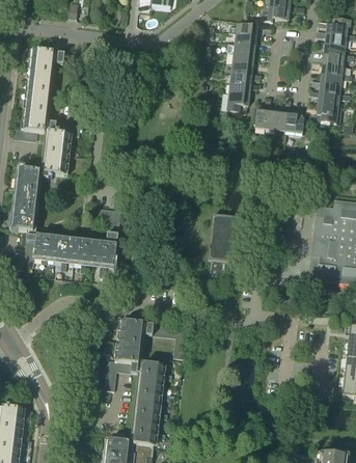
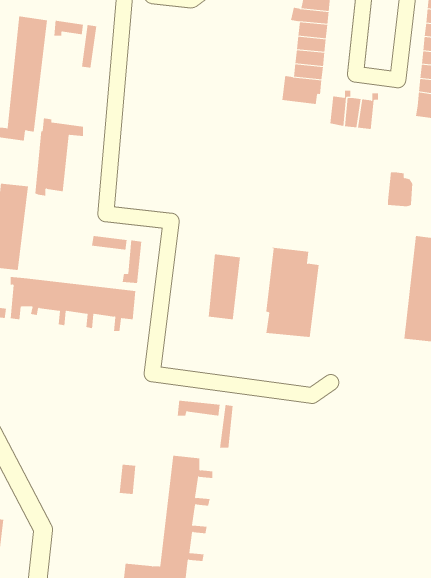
building: [284,108,303,133] -> [387,172,413,207]
building: none -> [208,254,241,320]
building: [106,319,142,372] -> none

